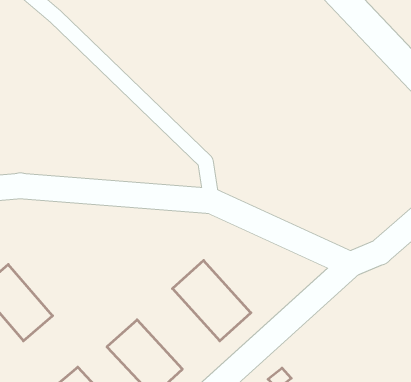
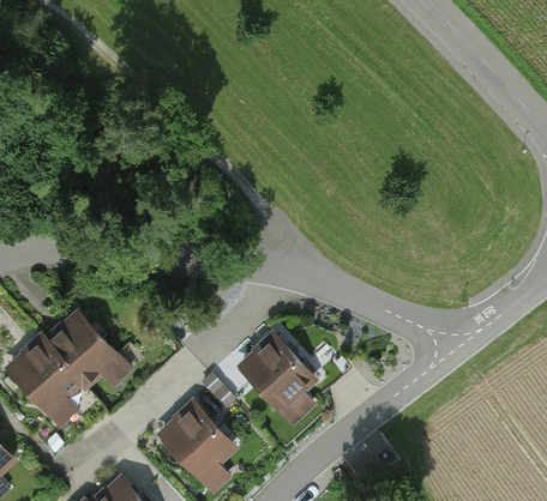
building: none -> [40,308,127,398]

